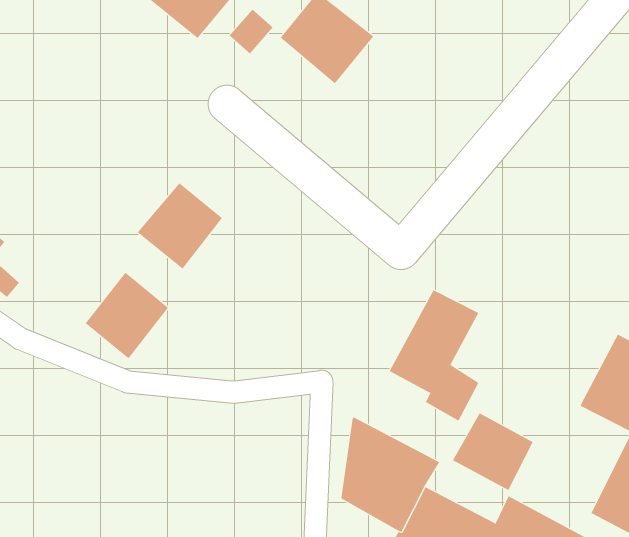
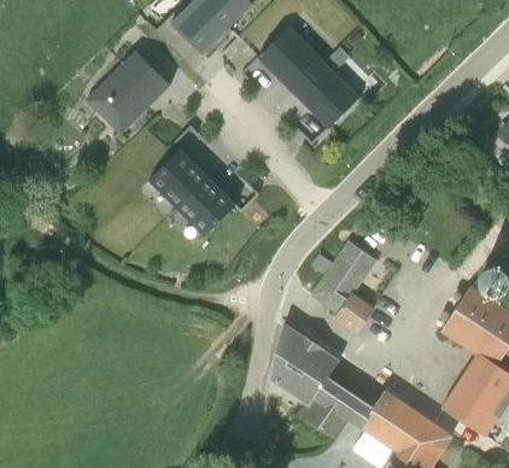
building: none -> [294,63,358,128]
building: none -> [87,51,170,134]
building: [85,272,169,359] -> [176,177,235,238]
building: [452,413,534,491] -> none

